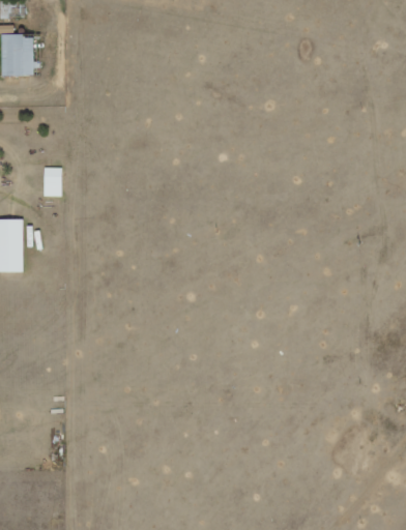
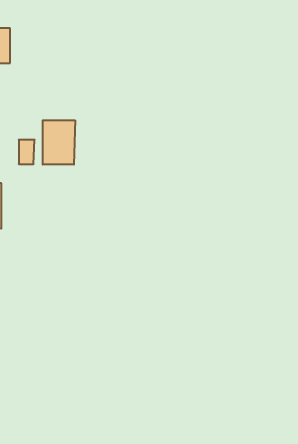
building: none -> [43,120,75,165]

